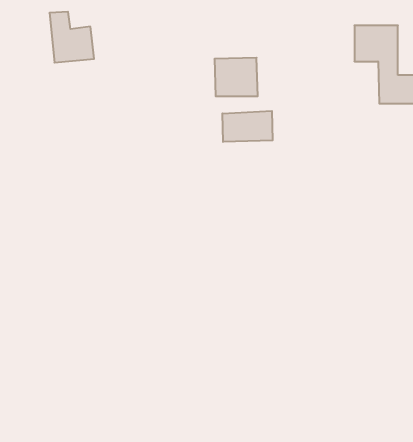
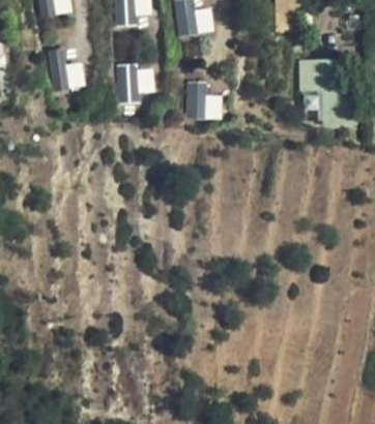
building: none -> [115,64,153,98]
building: [222,111,273,142] -> none

